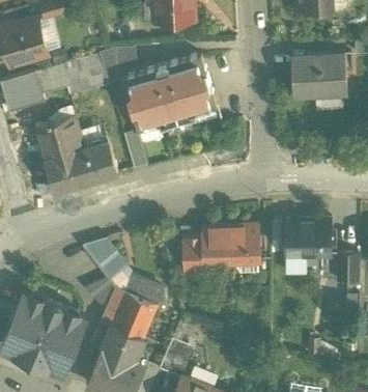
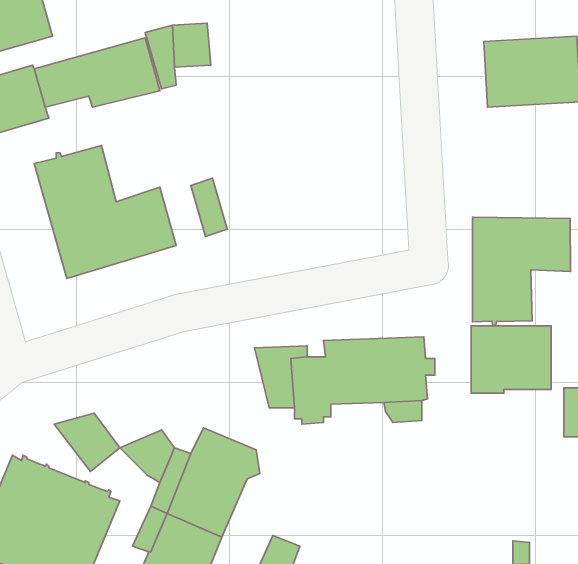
building: [121,56,216,131] -> none
building: none -> [472,217,570,326]
building: [82,239,119,272] -> [54,413,120,472]

